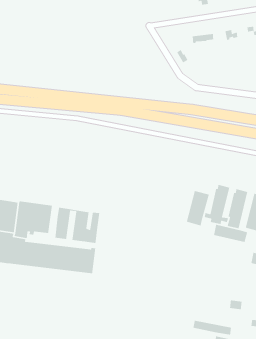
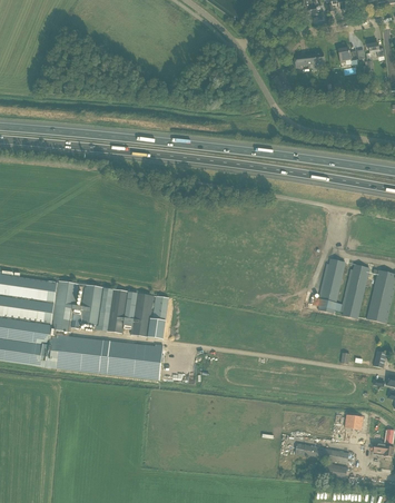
building: [186,190,210,226] -> none
building: [213,224,248,243] -> none

